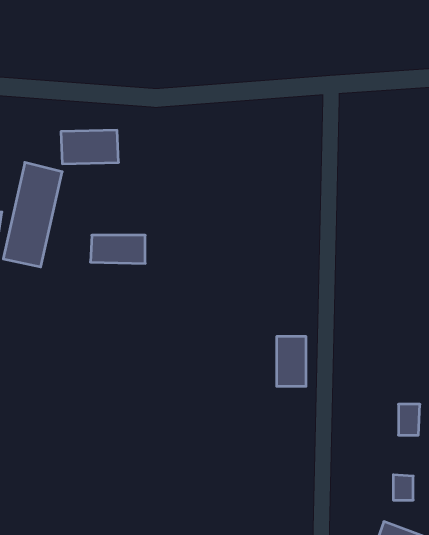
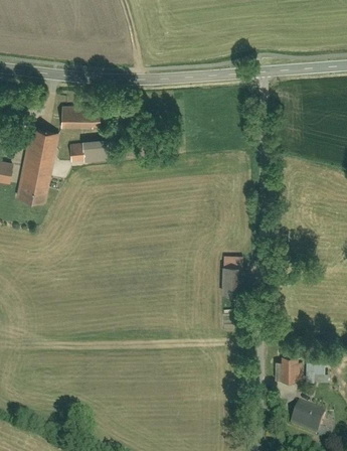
building: [90,235,145,263] -> [69,141,111,162]
building: [398,404,420,435] -> [283,357,299,381]

